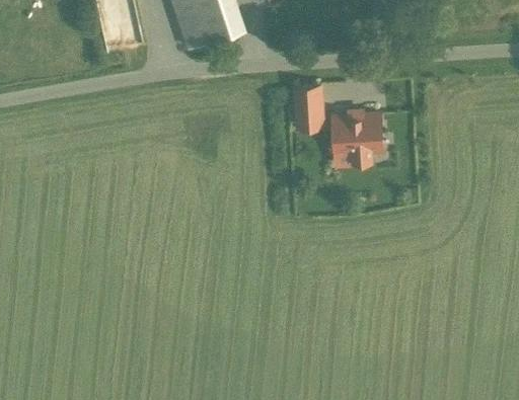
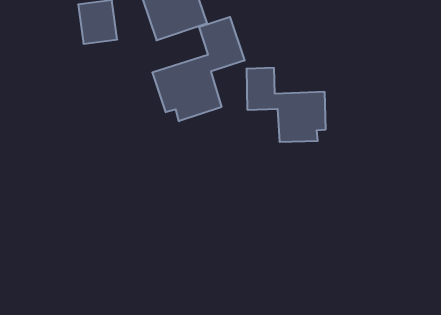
building: none -> [152,17,245,121]

